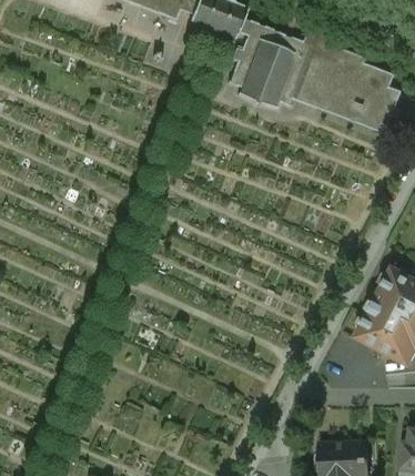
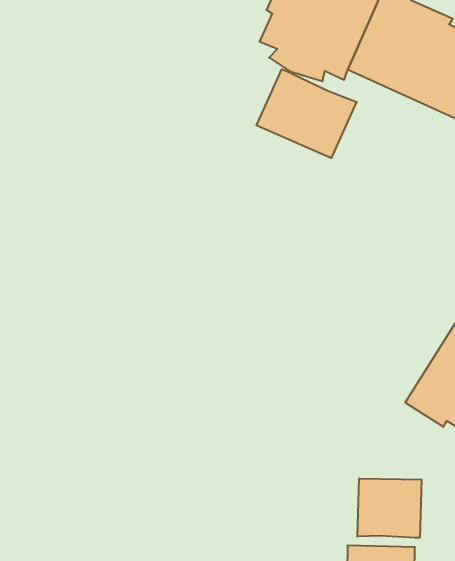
building: none -> [256,69,357,158]
building: none -> [357,478,422,538]

